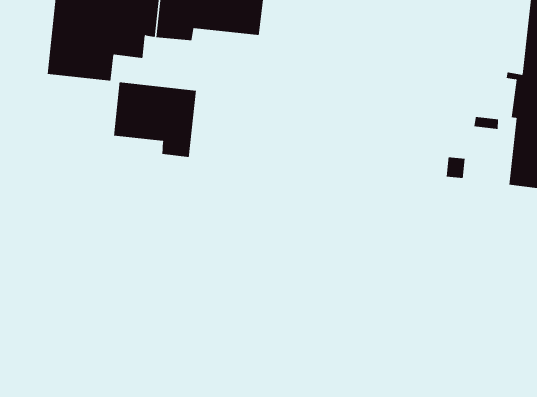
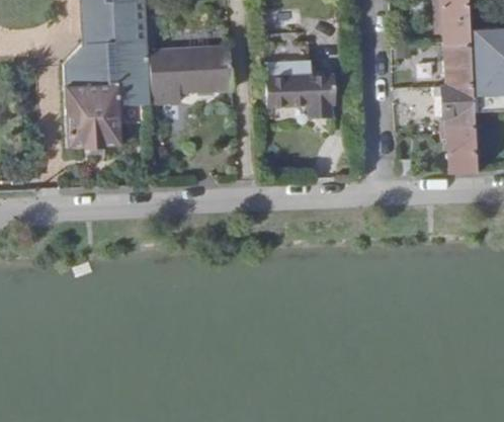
building: none -> [266,73,335,116]
building: [114,81,197,158] -> none

